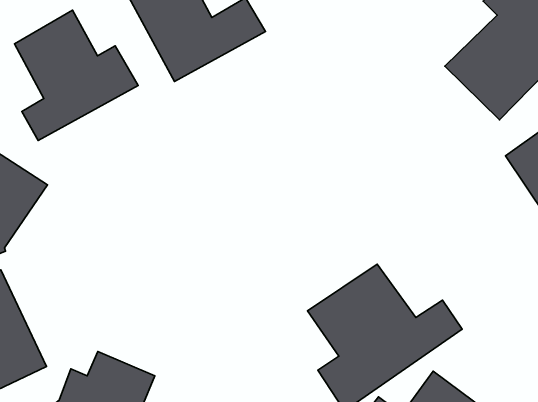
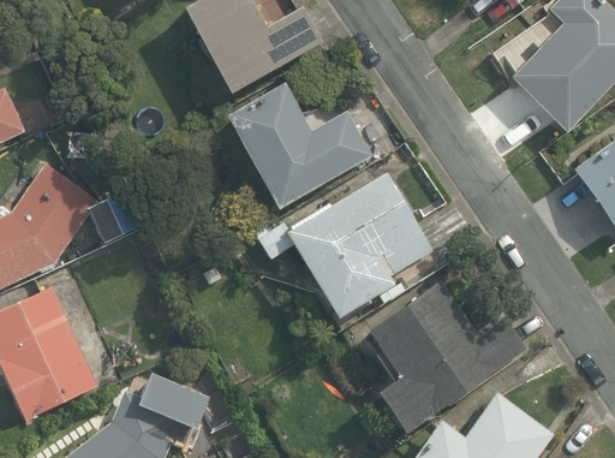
building: [15,10,138,141] -> none
building: none -> [226,82,374,209]
building: none -> [287,172,436,319]

